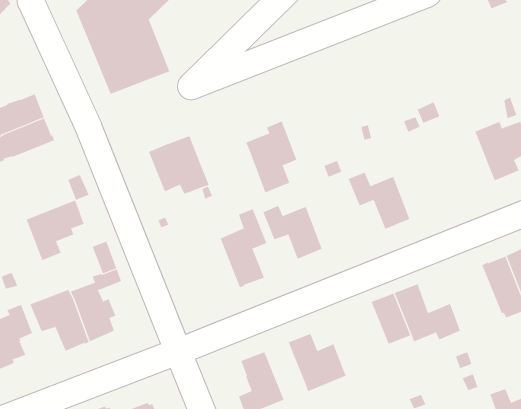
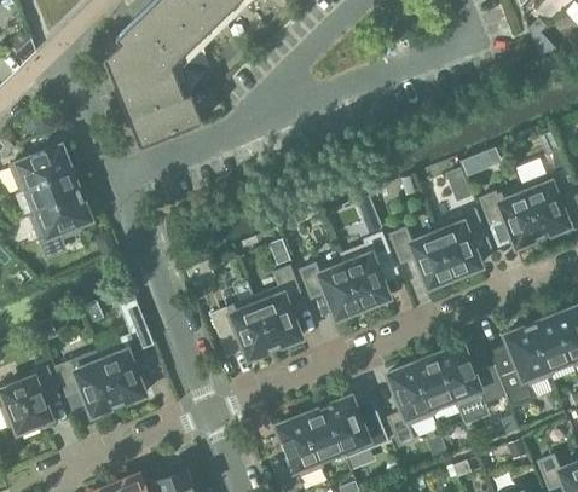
building: [245,121,297,193] -> [342,232,397,308]
building: none -> [480,185,543,248]
building: [148,136,209,194] -> [212,297,276,359]
building: none -> [434,208,492,277]
building: [26,200,85,261] -> [30,195,92,259]
building: none -> [490,325,550,406]
building: none -> [388,364,434,446]
building: none -> [302,406,345,461]

